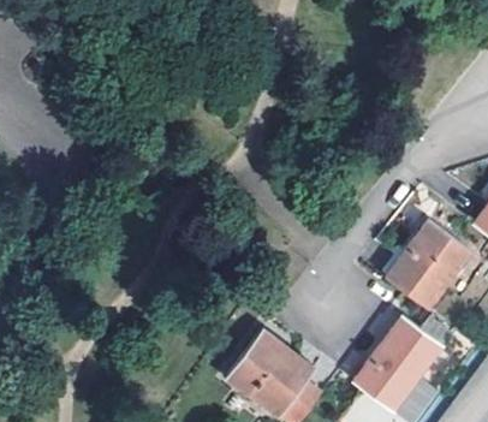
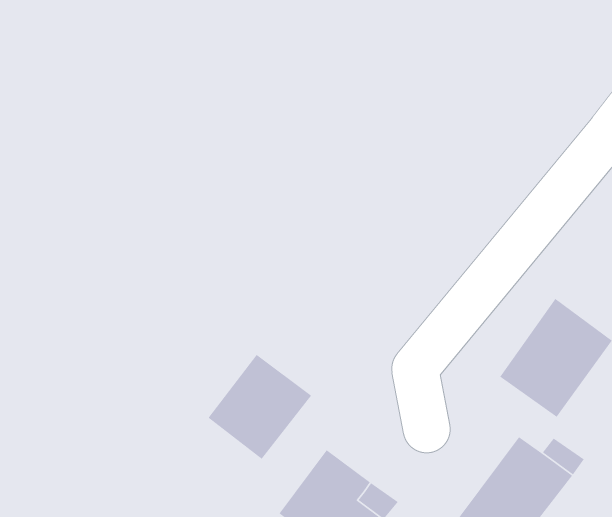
building: none -> [208,354,312,460]

